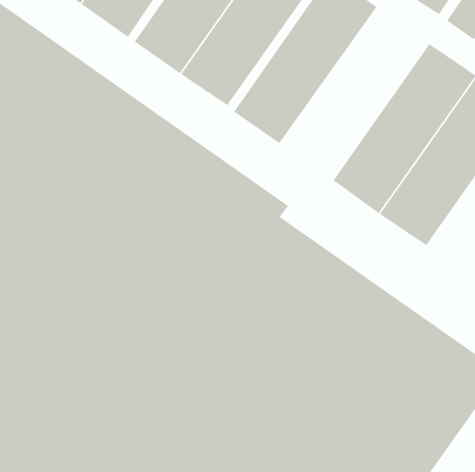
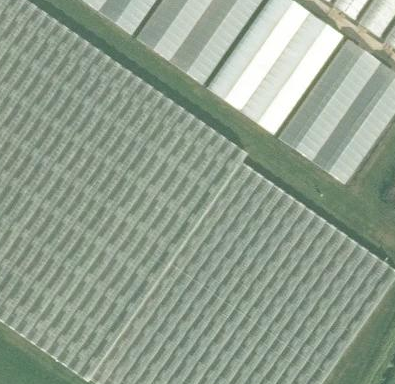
building: none -> [239,12,342,133]

